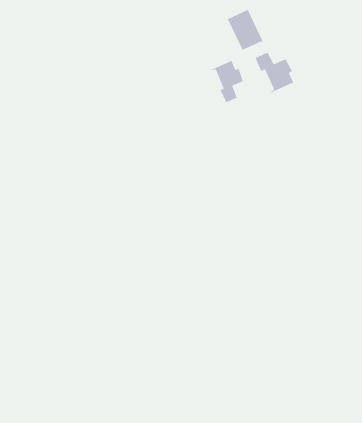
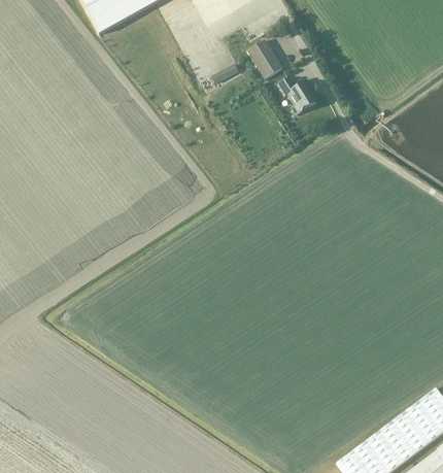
building: [211,60,244,103] -> none

